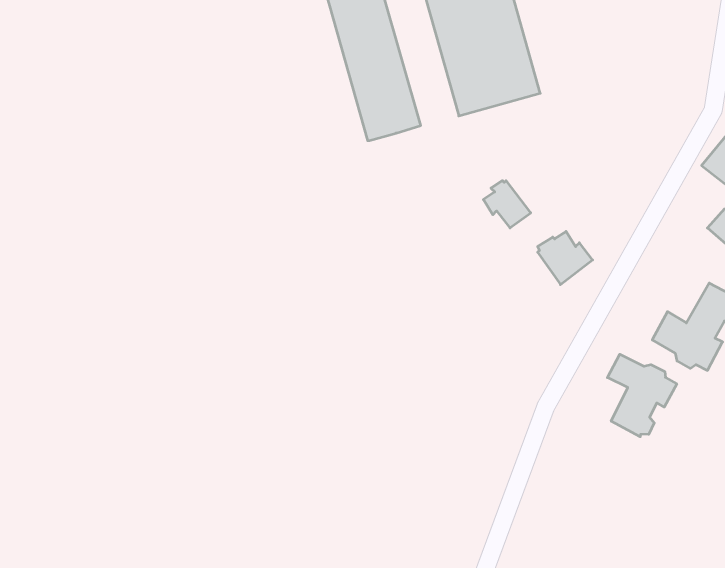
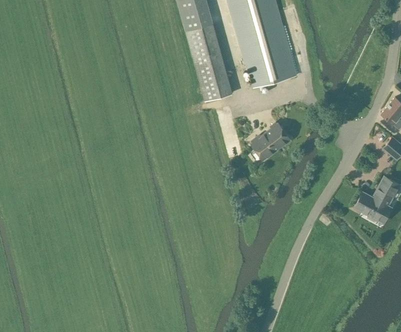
building: [538,231,593,285] -> [251,132,280,160]
building: [607,354,677,437] -> none

